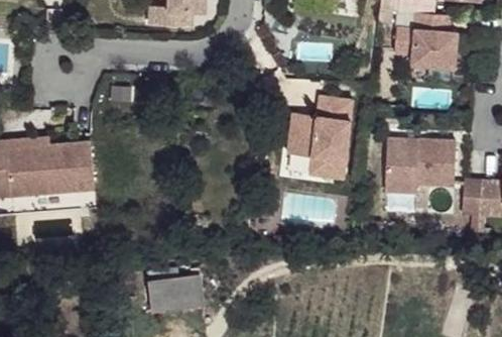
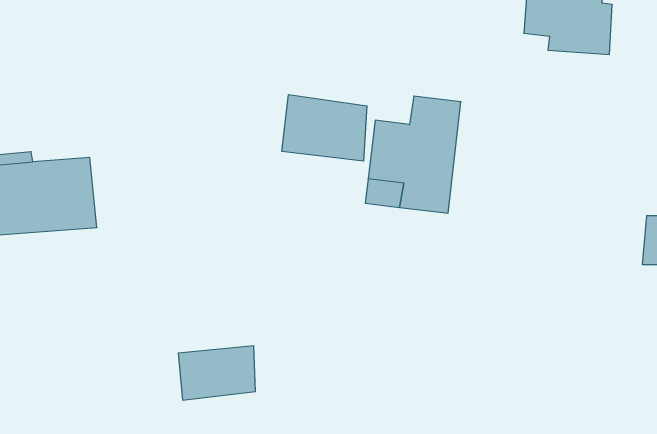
building: none -> [282,95,367,161]
building: [383,138,455,194] -> none

